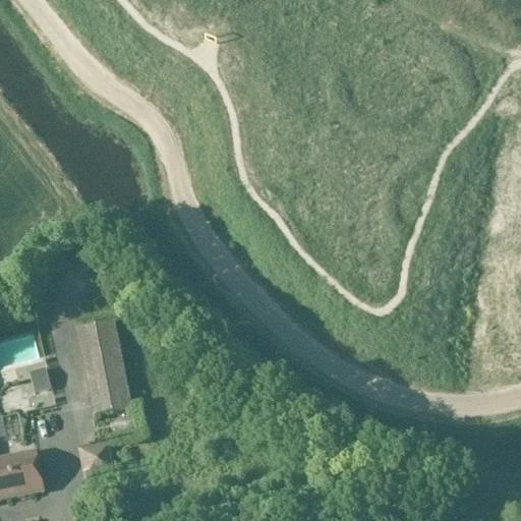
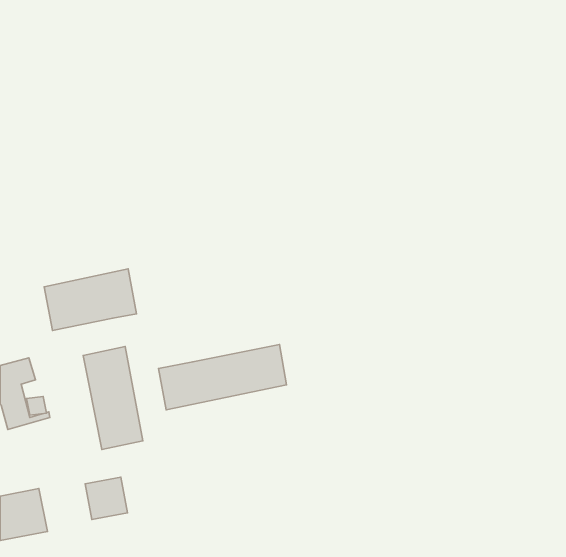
building: none -> [44,269,137,331]
building: none -> [158,344,287,410]

